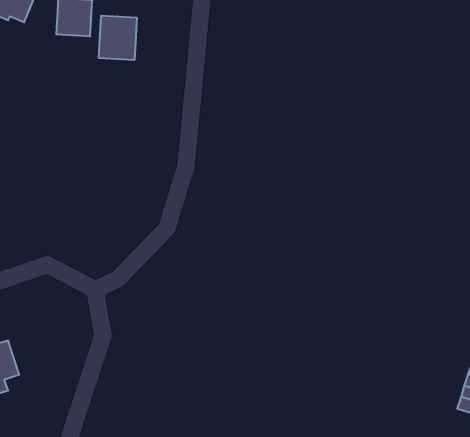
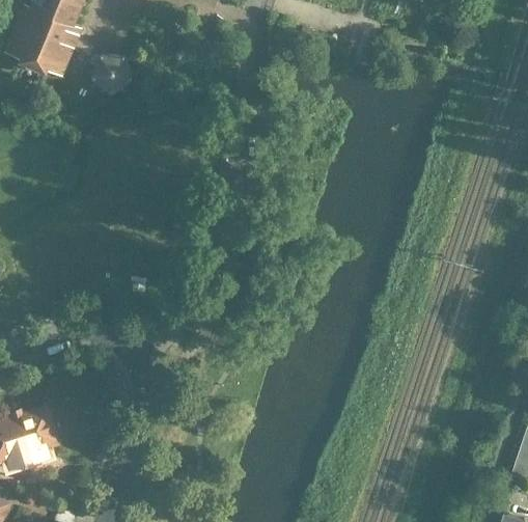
building: [99,16,137,60] -> none

